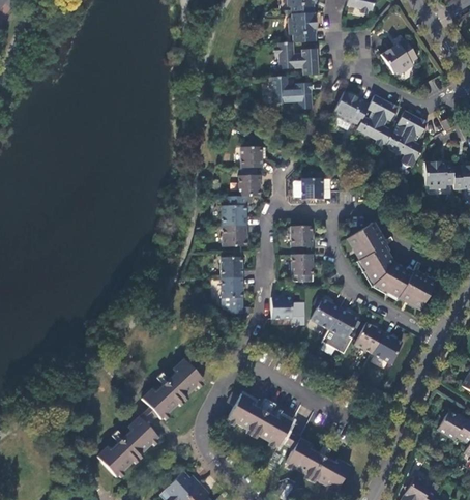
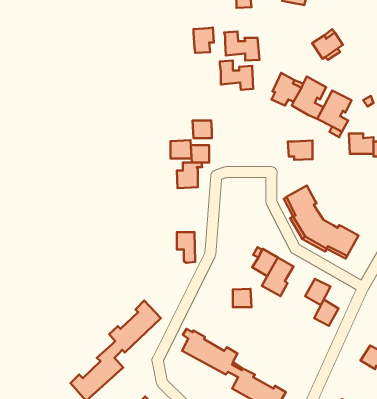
building: [292,11,316,41] -> [194,27,214,53]
building: [294,177,323,200] -> [288,141,313,160]
building: [223,225,247,246] -> [170,140,191,159]
building: [291,226,312,247] -> none
building: [291,254,314,282] -> none
building: [221,256,242,277] -> none
building: [271,296,293,318] -> [233,289,251,307]
building: [355,322,384,353] -> [314,300,339,326]

